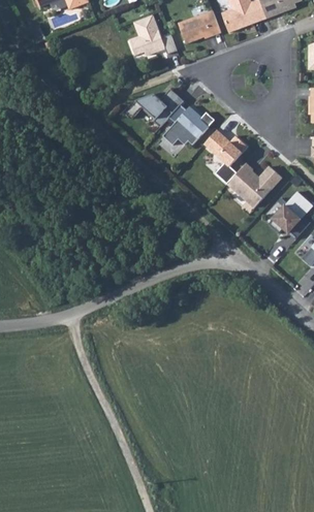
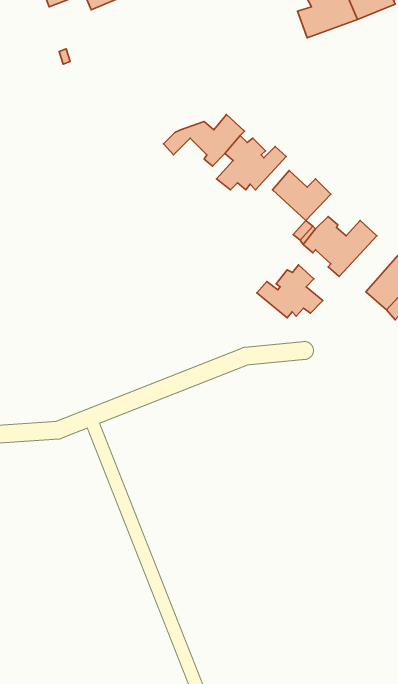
building: [177,9,220,42] -> none
building: [127,18,174,62] -> none
building: none -> [257,265,323,318]

